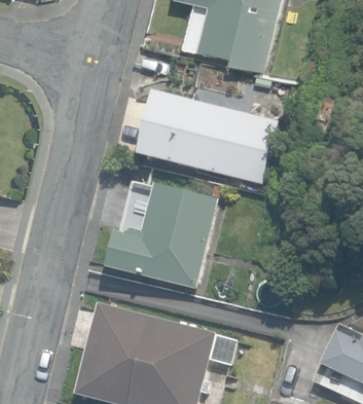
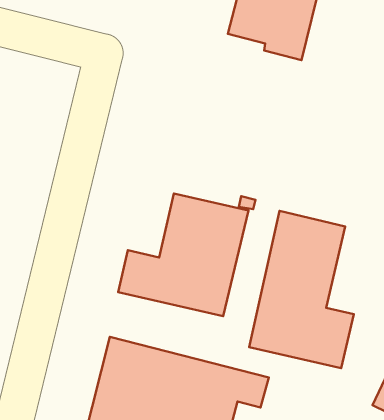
building: [138,93,275,184] -> none
building: none -> [249,211,354,368]

